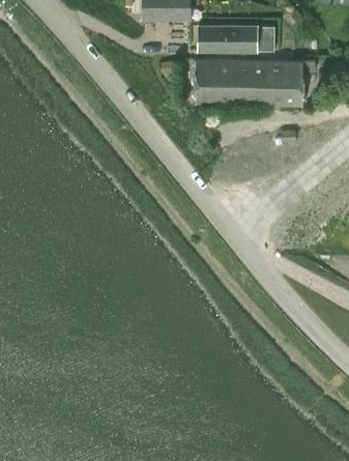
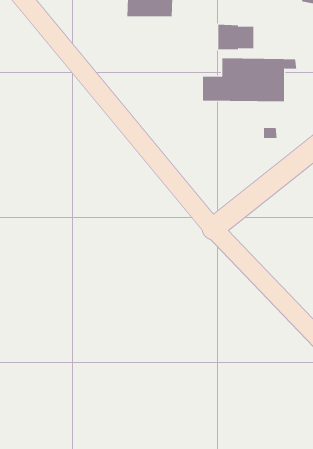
building: [198,25,235,51] -> none
building: [195,59,239,103] -> none

